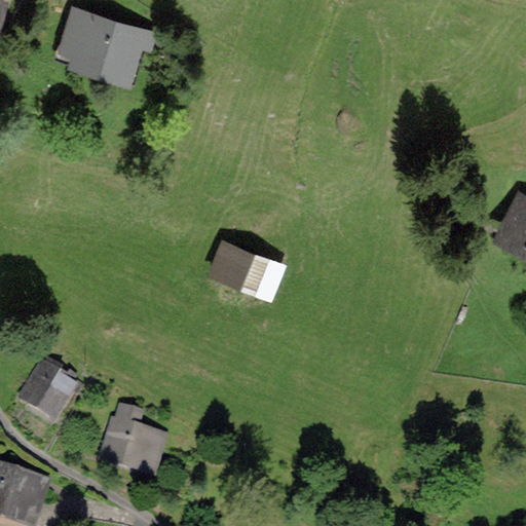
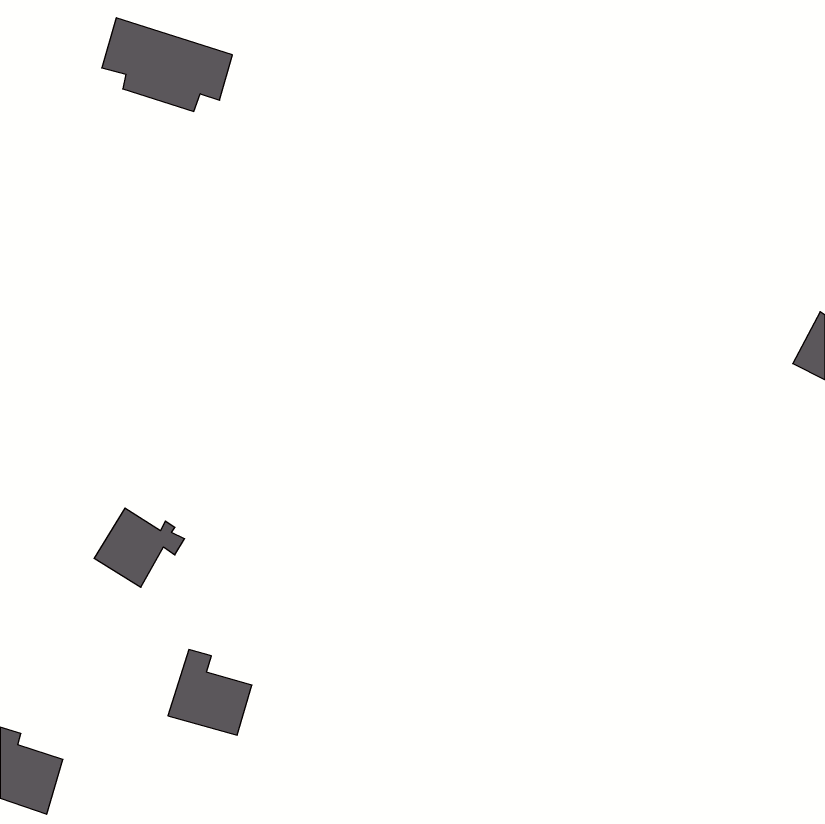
building: [211,241,280,292] -> none
building: [25,364,82,414] -> [94,508,185,587]

